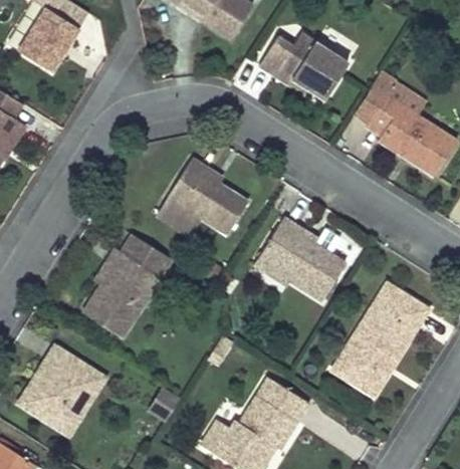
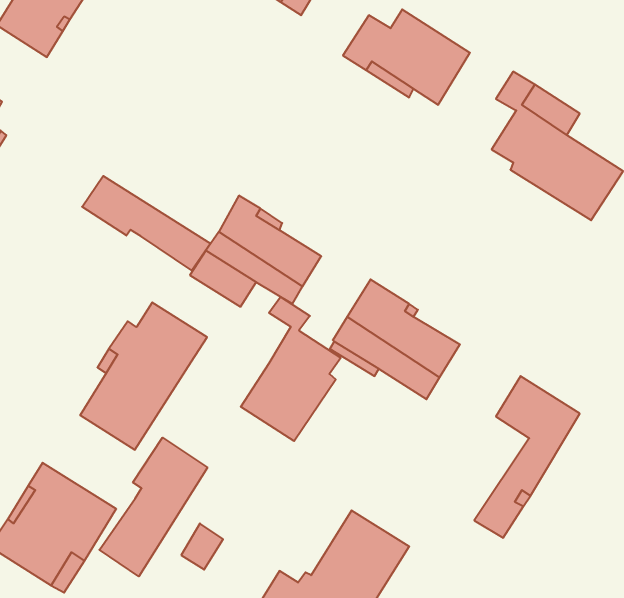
building: none -> [82,176,211,271]
building: none -> [241,297,341,441]
building: [332,312,392,385] -> none
building: none -> [99,438,207,576]

